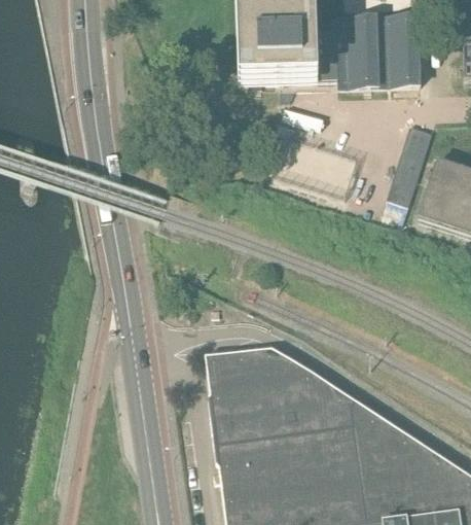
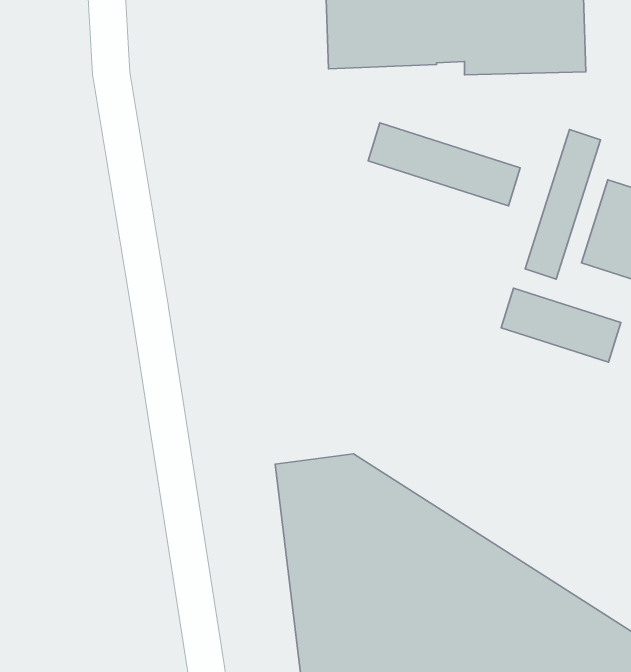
building: none -> [368,123,520,206]
building: none -> [501,288,621,362]

